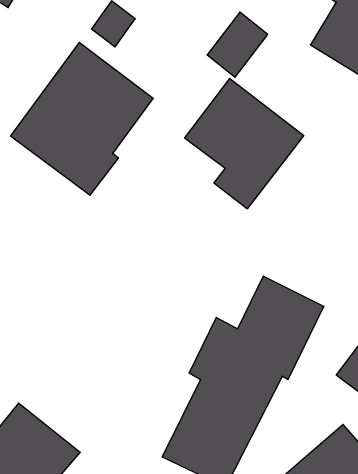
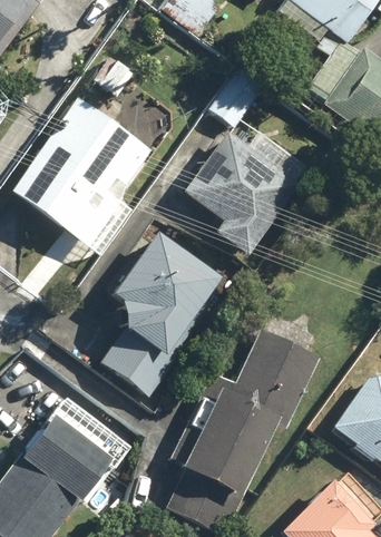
building: none -> [97,230,224,397]
building: none -> [20,394,133,505]

